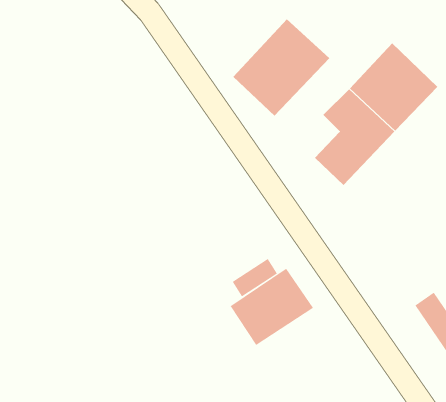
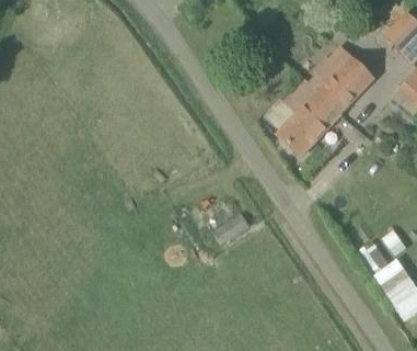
building: [233,19,330,117] -> none
building: [230,268,314,346] -> none

